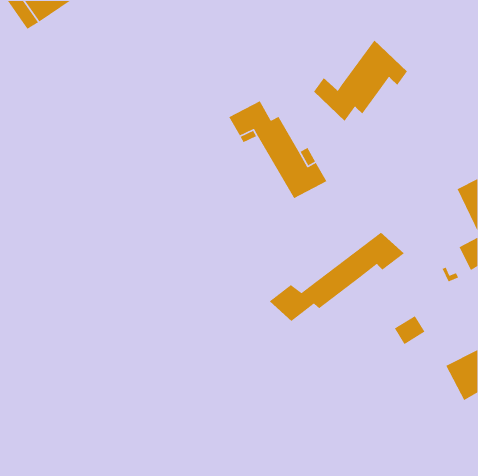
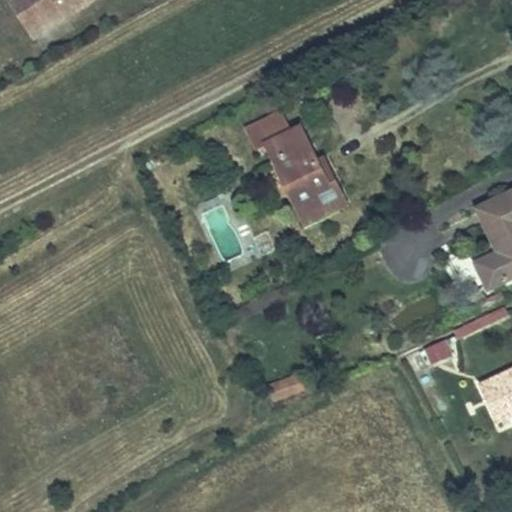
building: [313,40,408,122] -> none
building: [269,232,405,322] -> none

